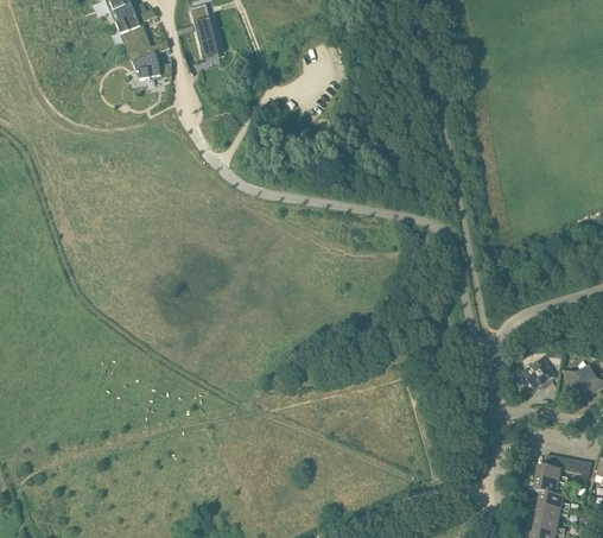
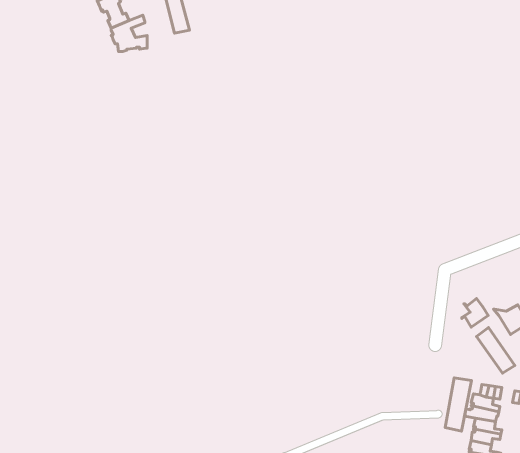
building: none -> [477,327,515,373]
building: none -> [445,378,472,431]

